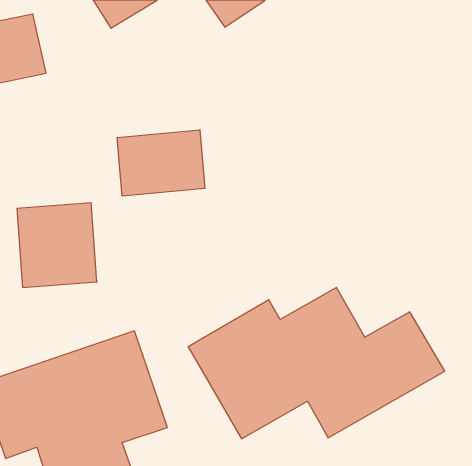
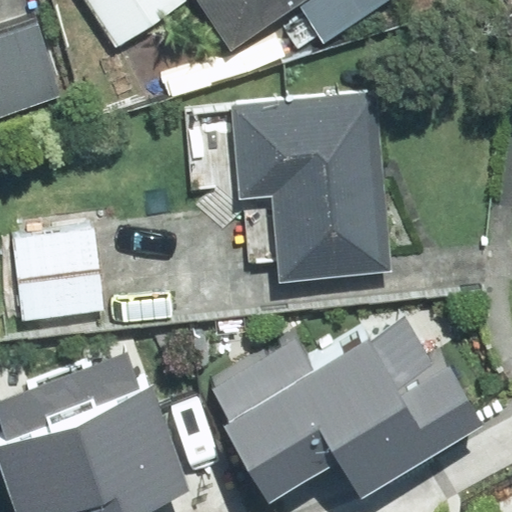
building: none -> [255,98,390,271]
building: [117,130,205,196] -> none

